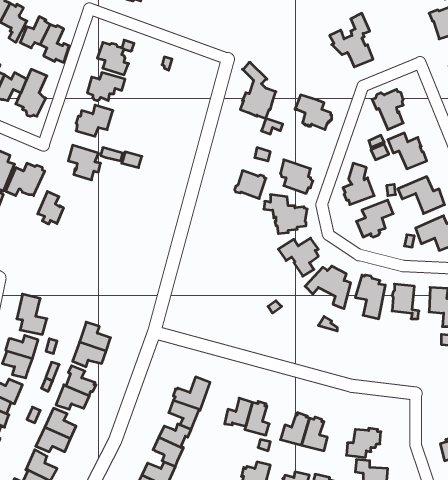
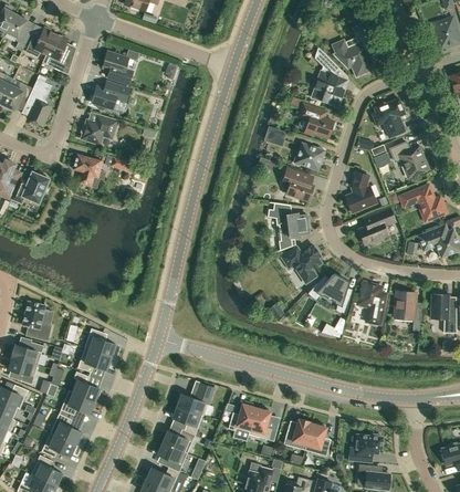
building: [240,62,276,118] -> [312,51,347,106]
building: [235,171,266,199] -> [293,143,324,170]
building: [38,191,63,224] -> none

